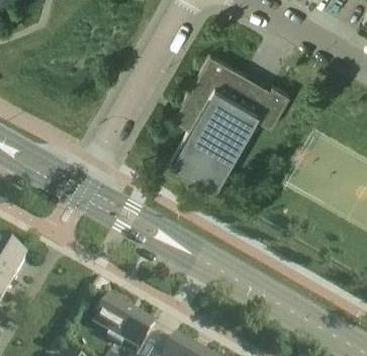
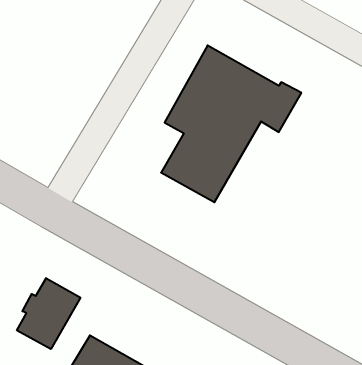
building: none -> [17,278,80,349]

